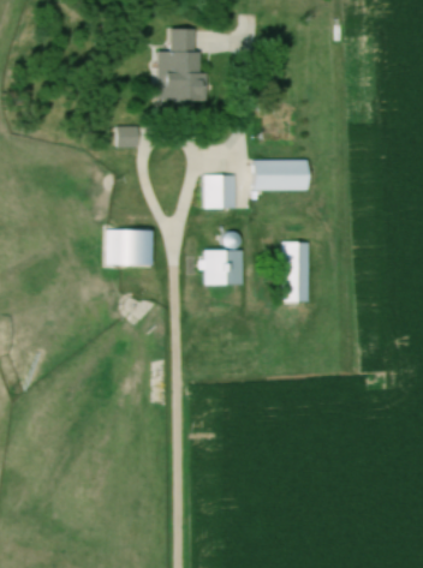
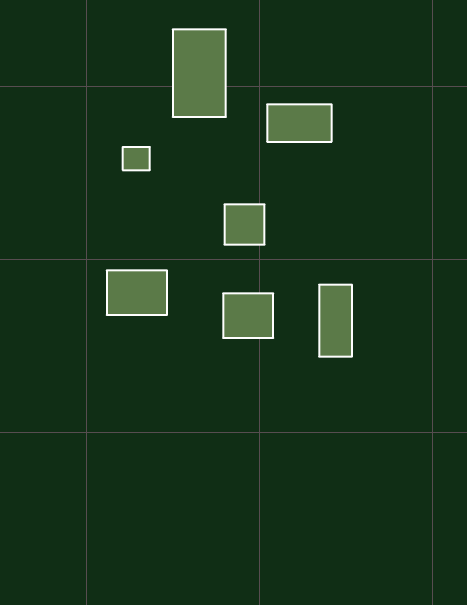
building: [255,159,309,190] -> [267,104,332,142]

